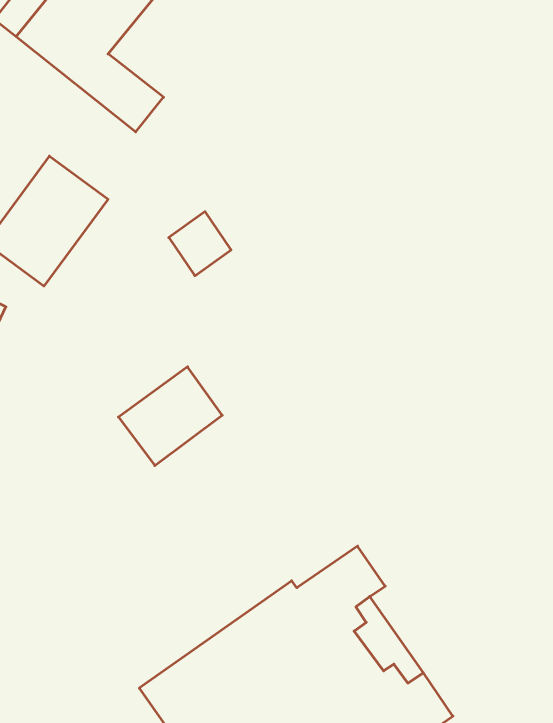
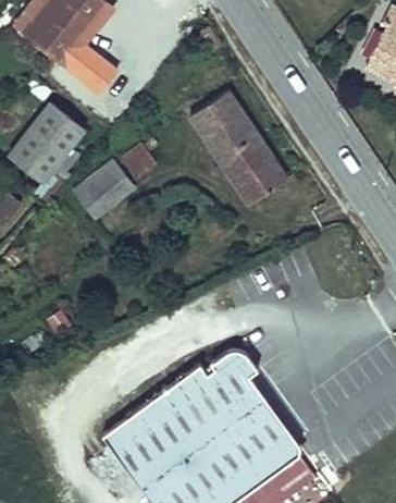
building: none -> [188,87,287,206]
building: [118,367,222,466] -> [67,159,133,221]

